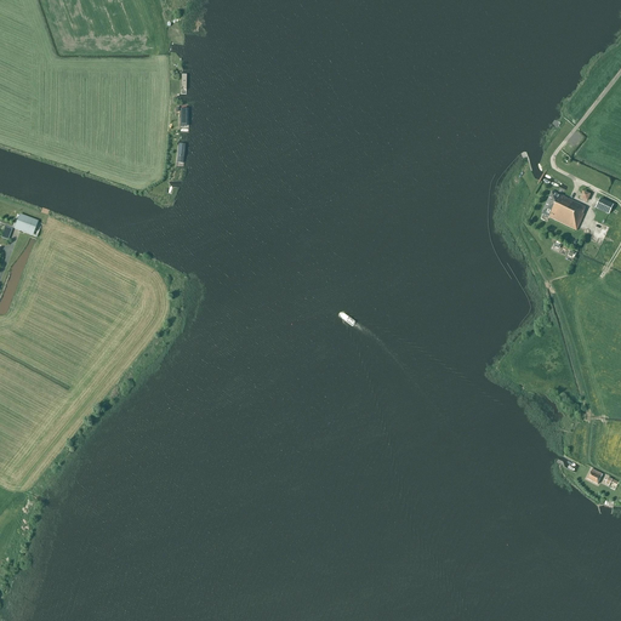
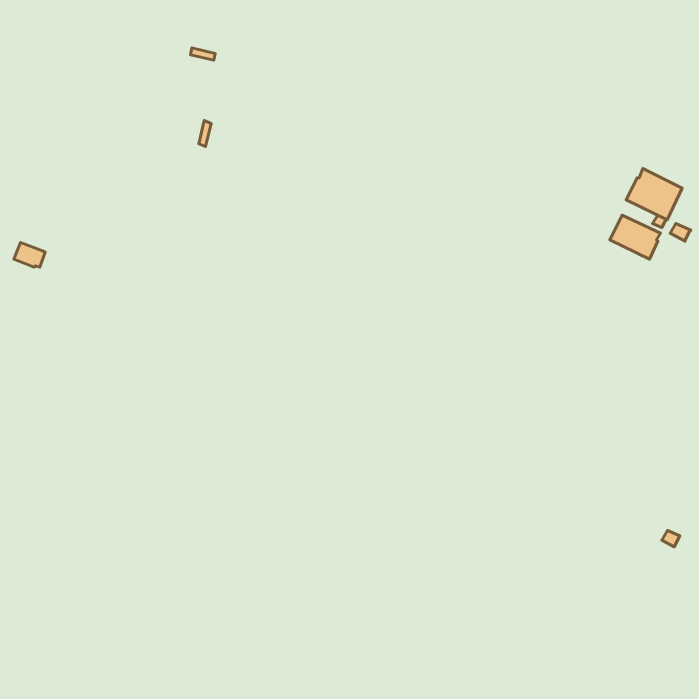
building: none -> [626,168,682,220]

